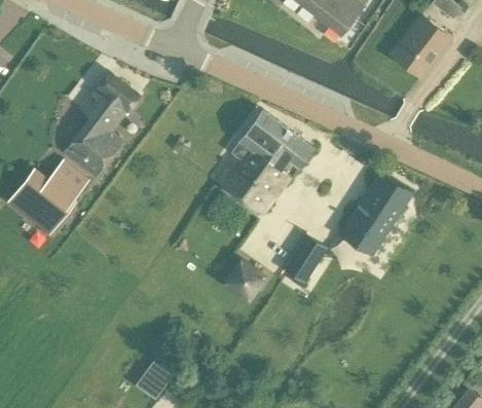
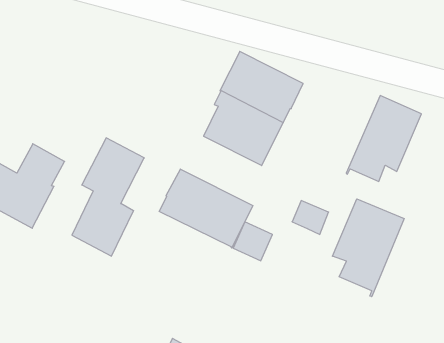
building: [63,71,139,177] -> [72,138,144,256]
building: none -> [159,169,253,248]
building: none -> [332,199,404,297]

